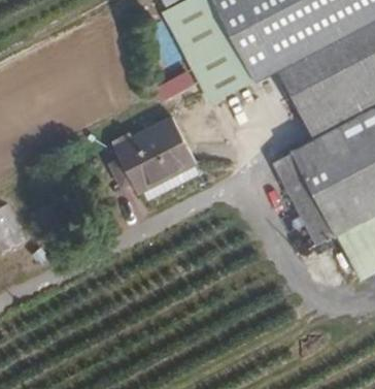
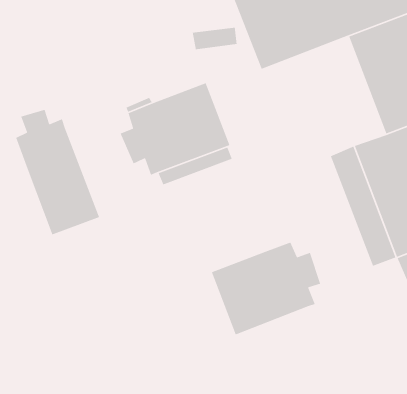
building: none -> [15,109,100,235]
building: none -> [211,242,321,336]

